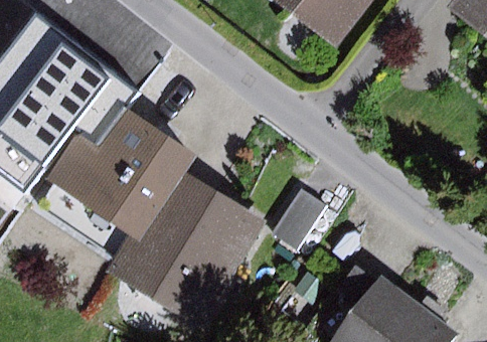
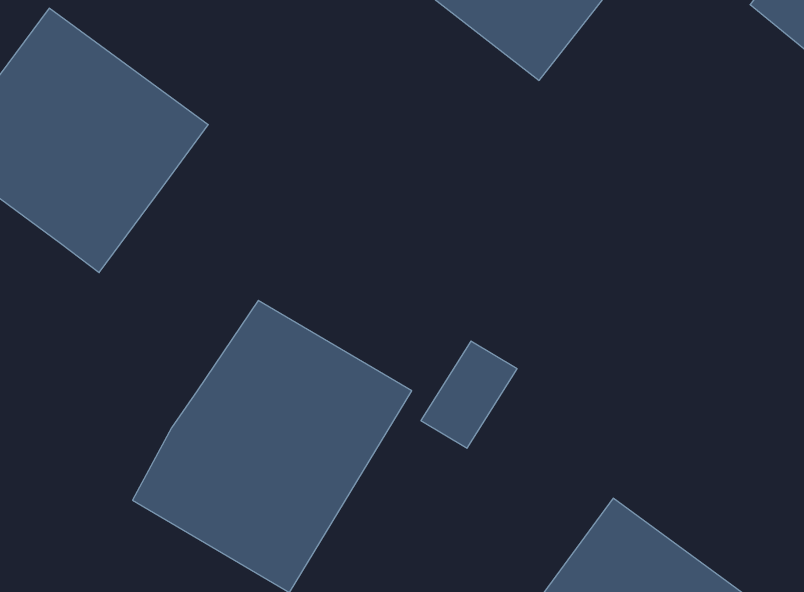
building: [46,108,193,238] -> none

